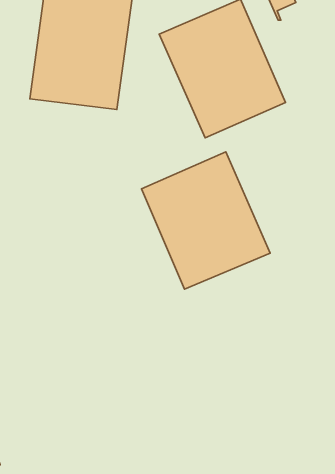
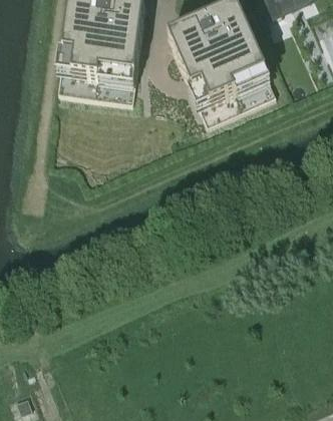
building: [141,152,270,289] -> none

